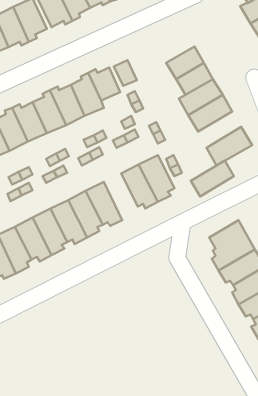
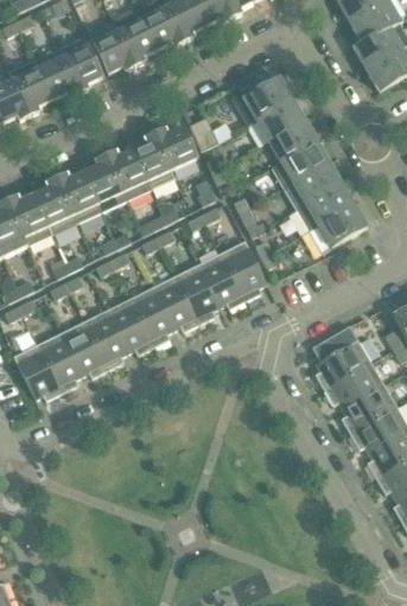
building: none -> [230,76,292,125]
building: [191,161,234,196] -> [297,183,352,229]
building: none -> [174,263,218,324]

